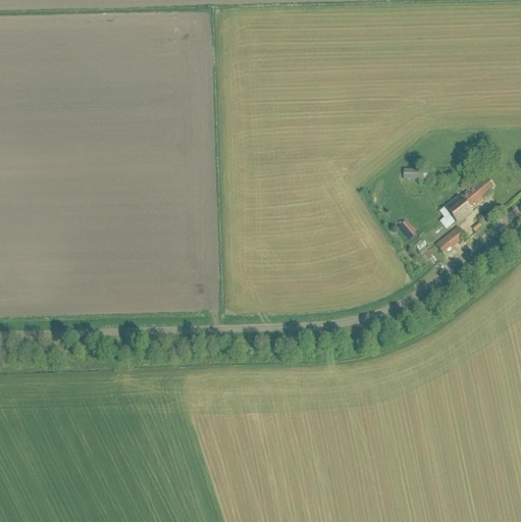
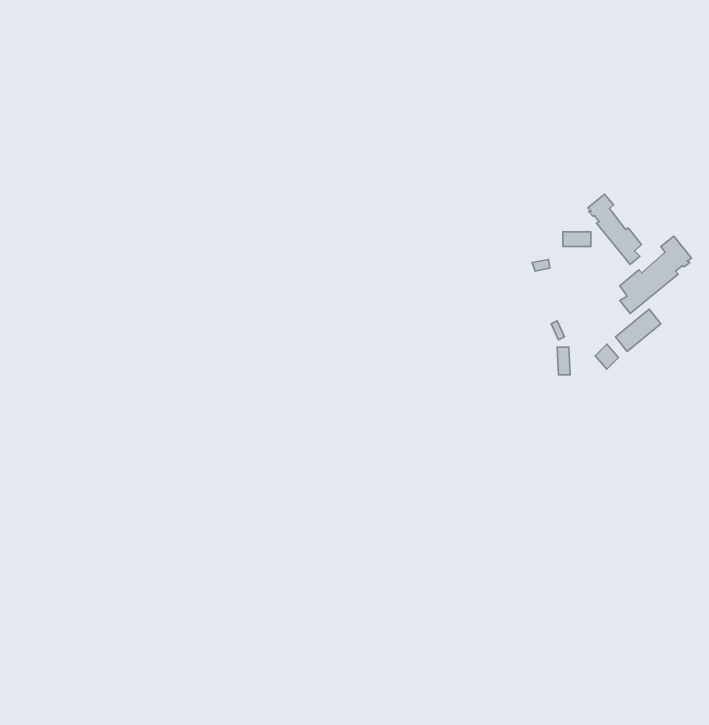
building: none -> [588,194,641,264]

